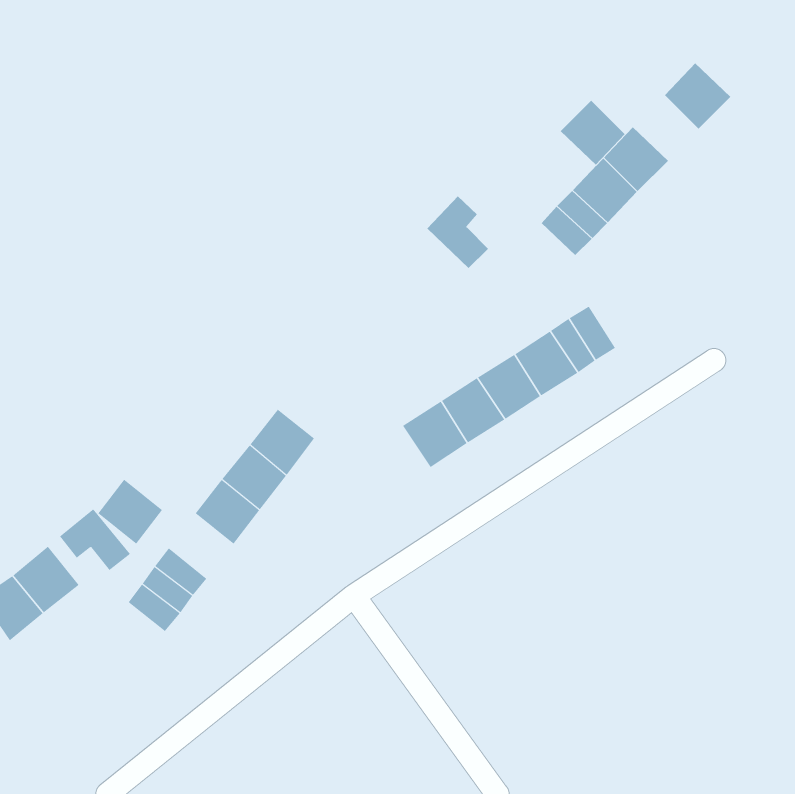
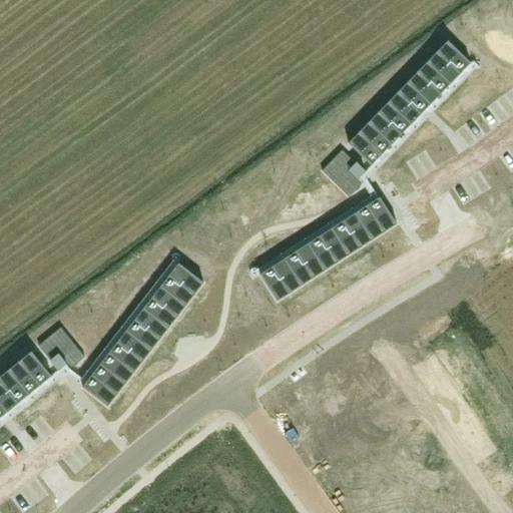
building: [560,100,625,165] -> [407,61,449,103]
building: [427,196,489,269] -> [321,149,361,196]
building: [97,479,163,544] -> [108,330,150,372]

